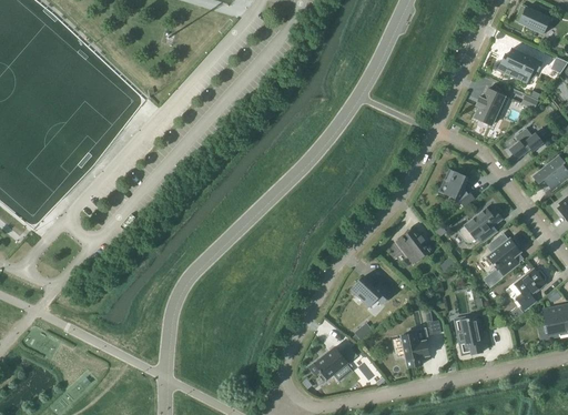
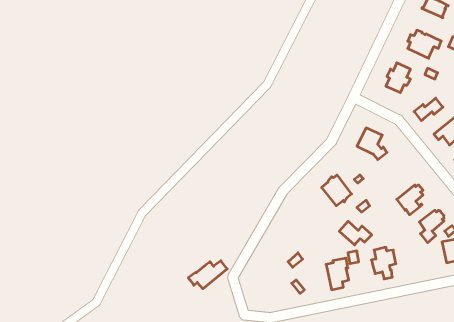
building: [460,209,501,243] -> none
building: [351,277,390,306] -> [339,221,372,245]
building: [308,345,356,379] -> [188,261,227,289]

